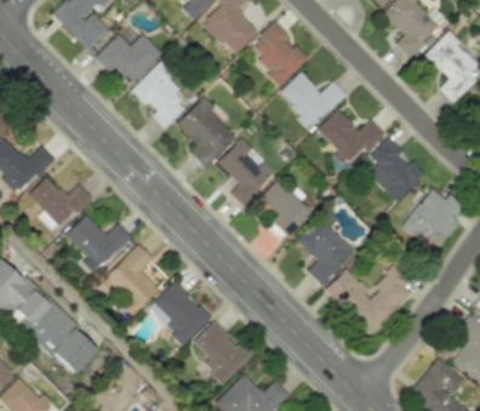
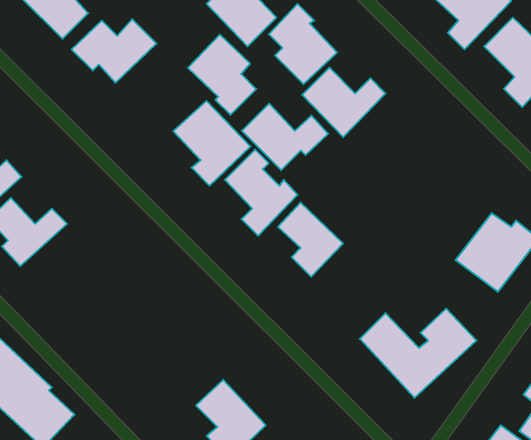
building: [132,63,187,127] -> [188,35,256,115]
building: [316,109,385,162] -> [242,104,328,170]
building: [368,137,423,201] -> none
building: [296,207,355,285] -> none
building: [64,213,131,272] -> none
building: [105,242,159,315] -> none
building: [150,281,212,346] -> none

